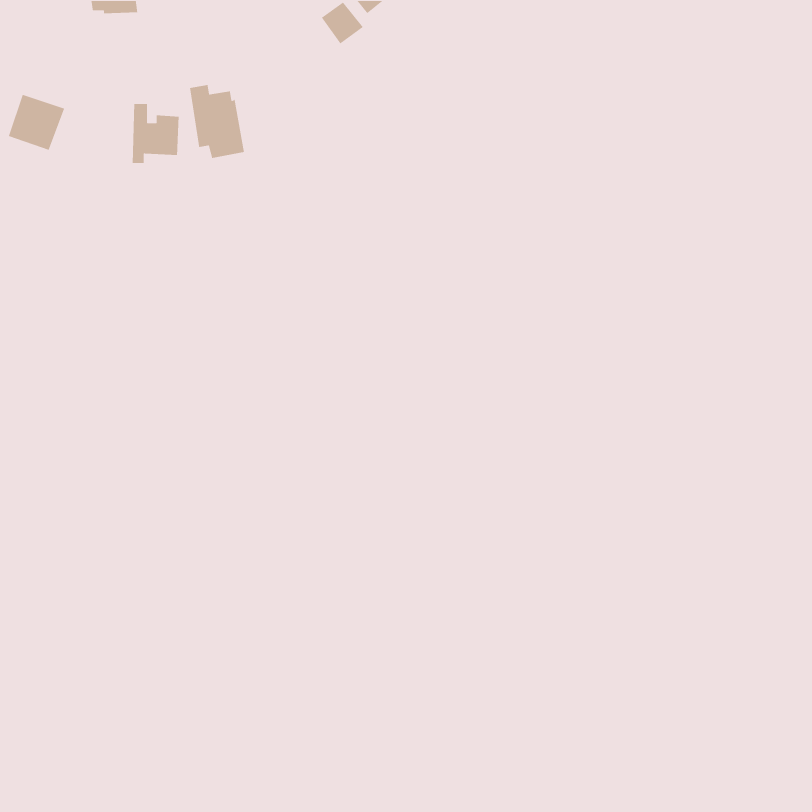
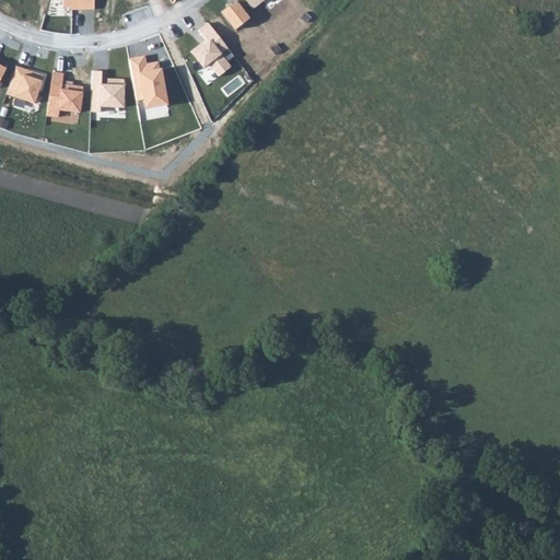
building: none -> [191,23,234,77]
building: none -> [46,72,83,118]

